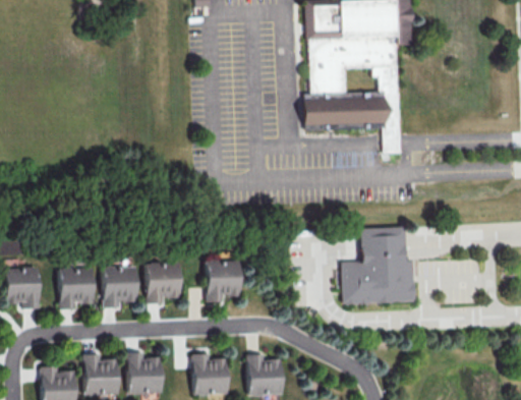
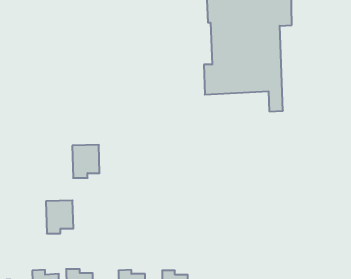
building: [340,228,414,306] -> none
building: [206,260,240,302] -> none
building: [146,262,180,303] -> [72,145,100,178]
building: [59,268,93,309] -> none

